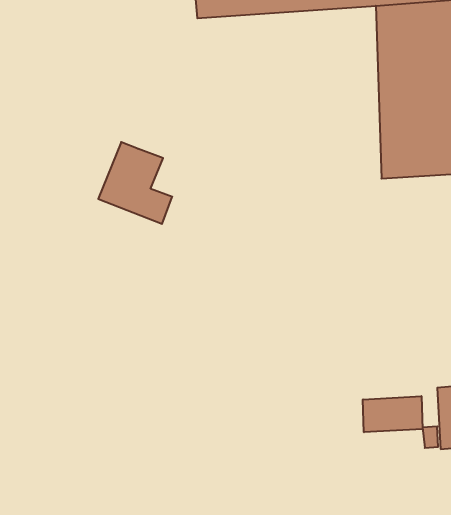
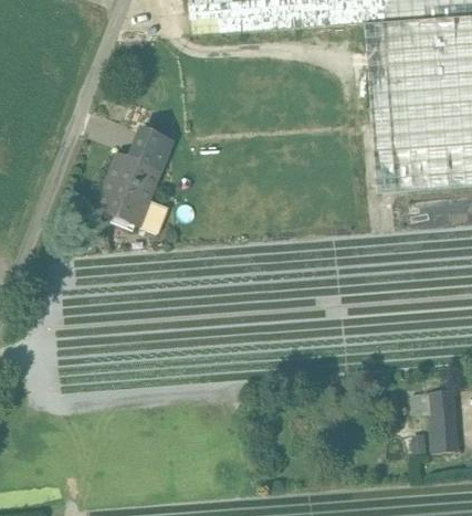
building: none -> [137,128,172,166]
building: [363,396,422,432] -> none

